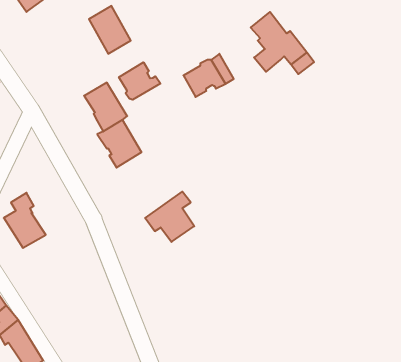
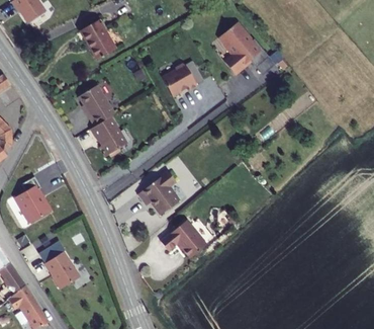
building: [119,62,160,100] -> none
building: none -> [167,216,213,253]
building: none -> [37,240,78,290]

